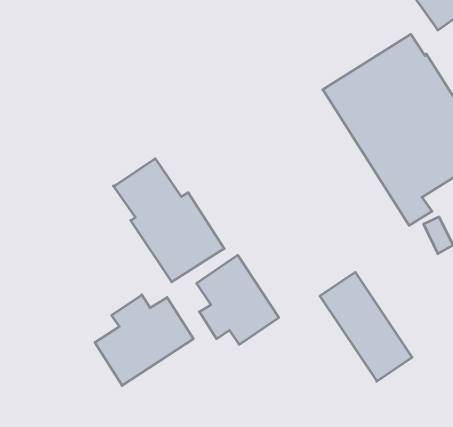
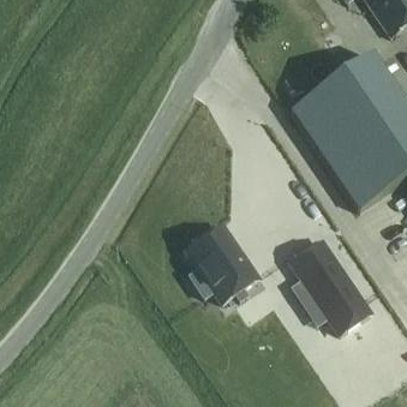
building: [113,159,224,282] -> none
building: [95,295,193,386] -> none

